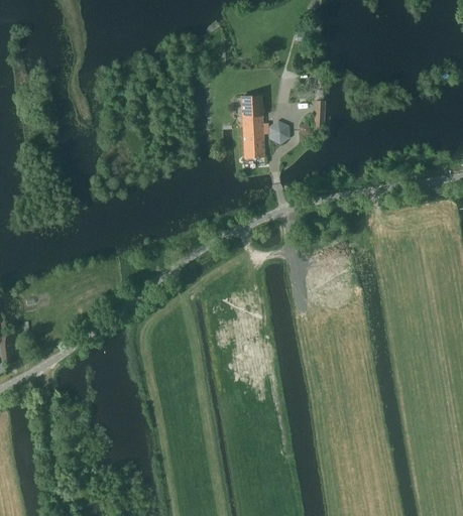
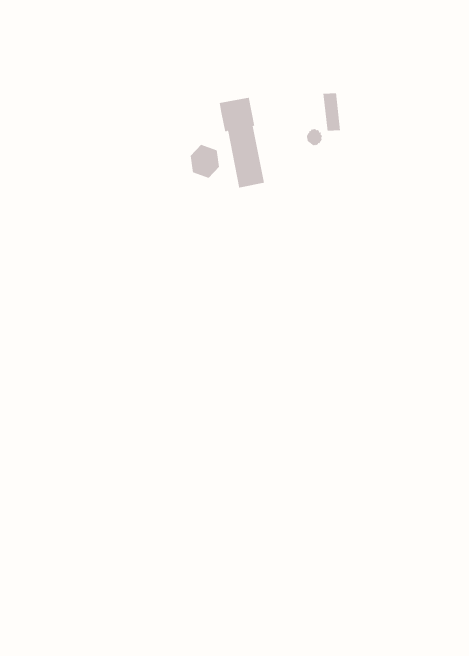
building: [269,121,290,146] -> [190,144,220,178]

